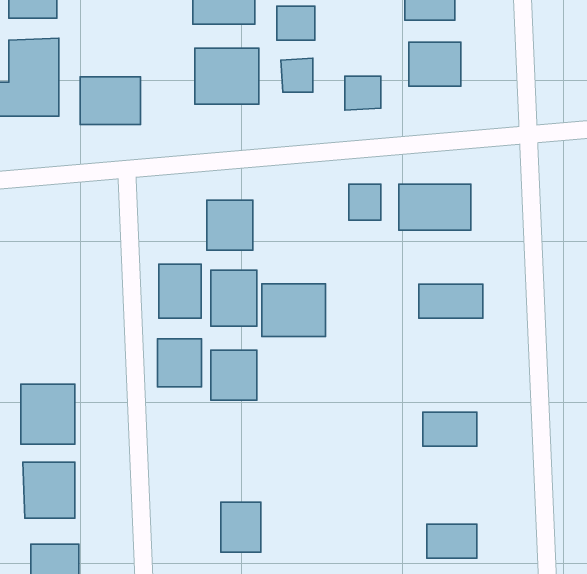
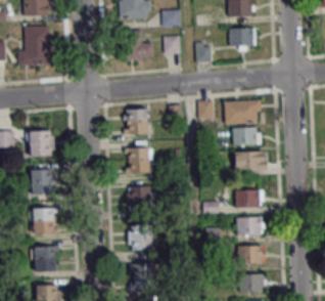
building: [80,77,140,124] -> none
building: none -> [232,127,262,145]
building: none -> [28,130,54,156]
building: [159,264,201,318] -> none
building: [262,284,326,337] -> none
building: none -> [28,170,55,195]
building: [158,339,202,387] -> [129,225,151,250]
building: none -> [235,189,258,208]
building: none -> [238,246,266,263]

